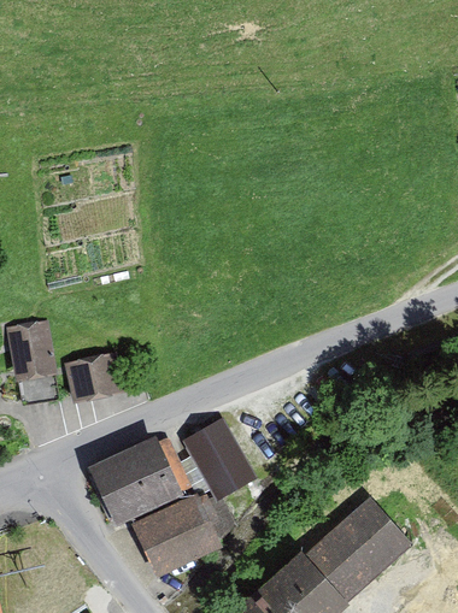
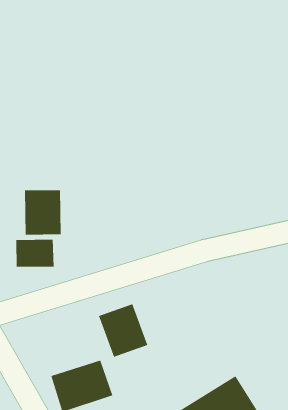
building: none -> [24,189,61,235]
building: [95,441,189,519] -> none

